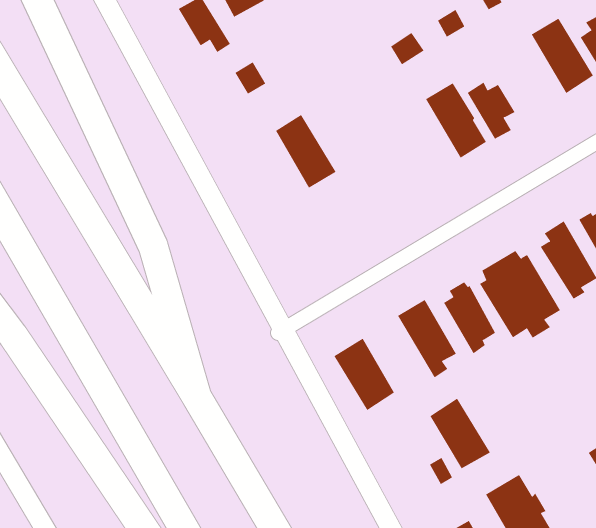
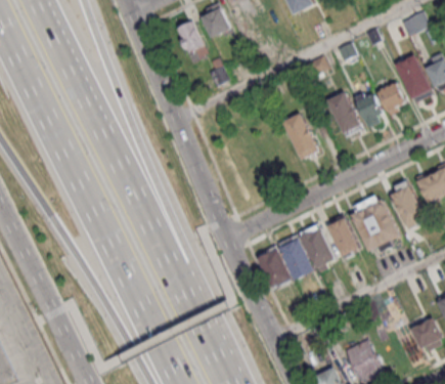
building: none -> [376,80,405,114]
building: [275,114,337,188] -> [281,110,318,157]
building: [430,398,491,469] -> [277,233,314,279]

